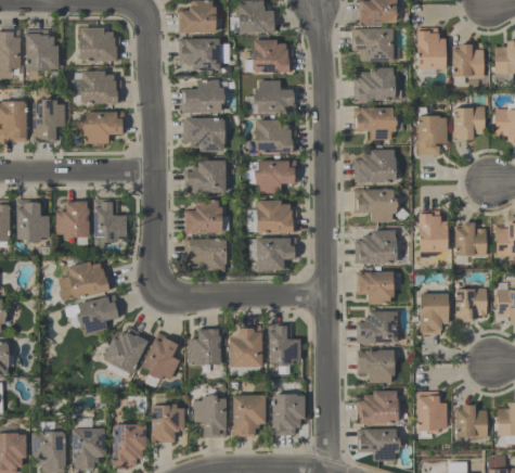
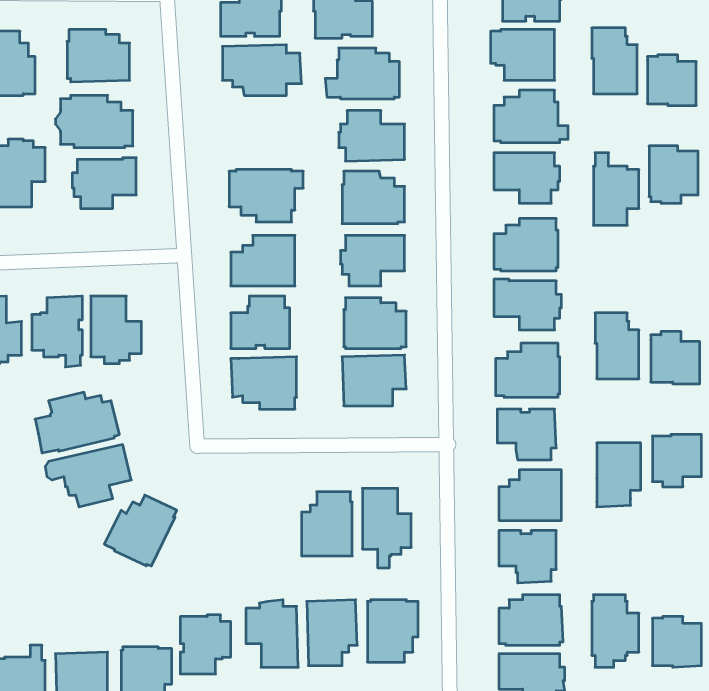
building: [181,79,226,114] -> none
building: [188,328,221,366] -> none
building: [141,332,180,380] -> none

